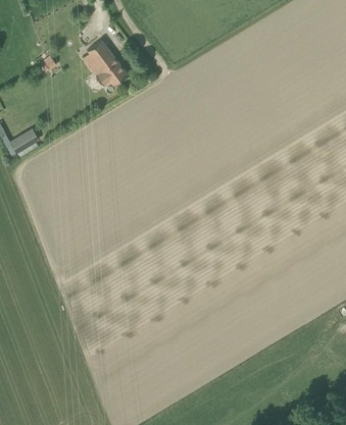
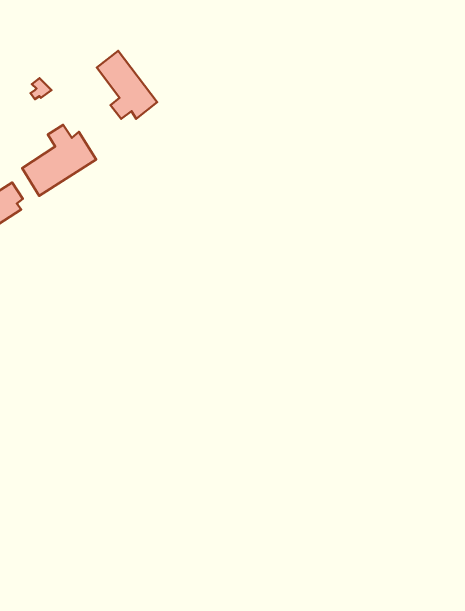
building: none -> [22,125,96,196]

